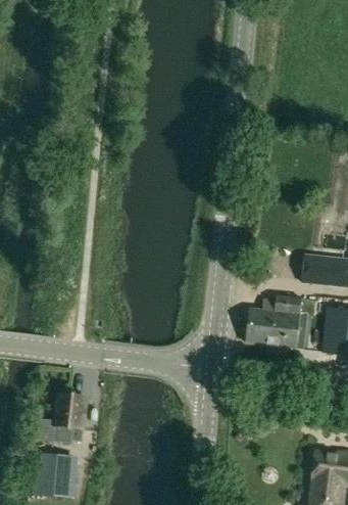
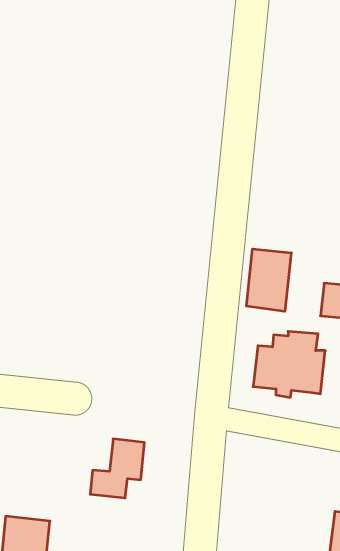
building: none -> [246,249,291,311]
building: [39,393,85,443] -> [90,439,144,498]

